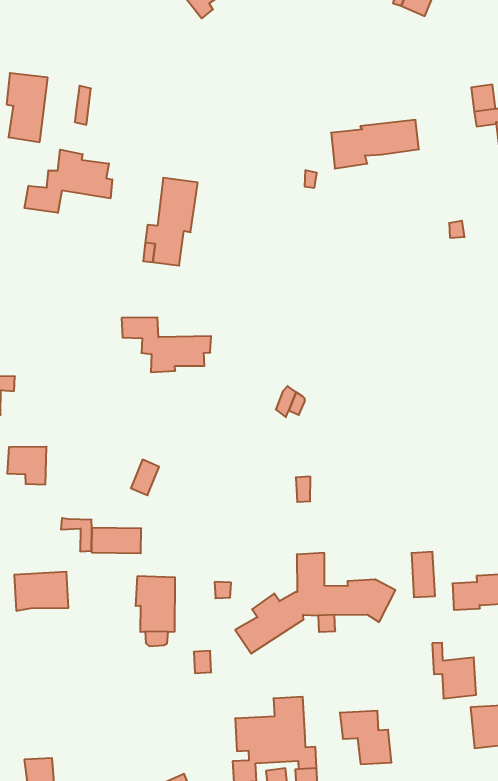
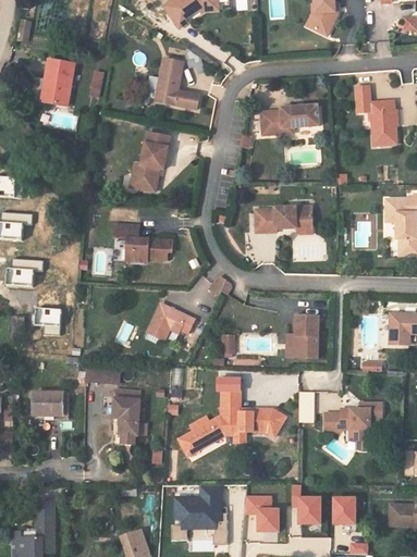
building: none -> [155,59,197,109]
building: [24,150,112,213] -> none
building: none -> [255,206,311,232]
building: none -> [148,302,195,339]
building: none -> [295,317,318,358]
building: [432,643,476,698] -> [291,485,318,522]

